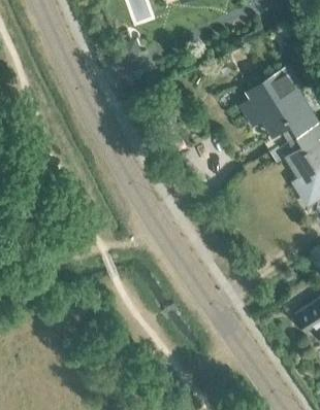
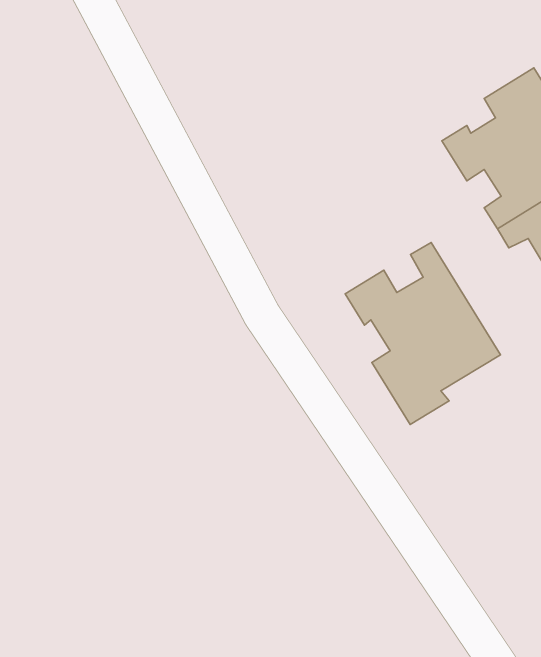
building: none -> [345,242,500,425]

